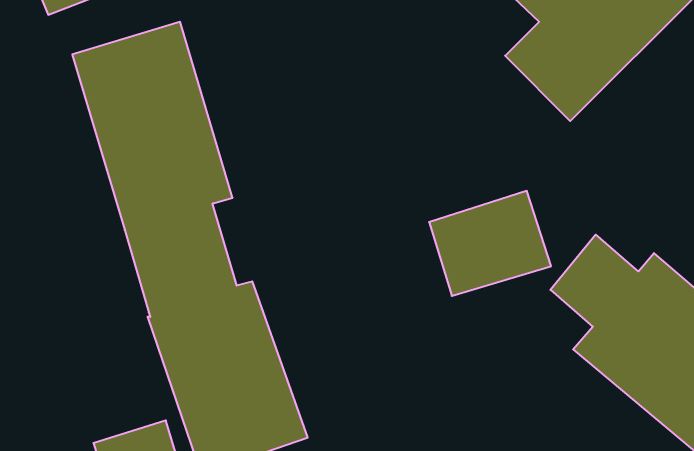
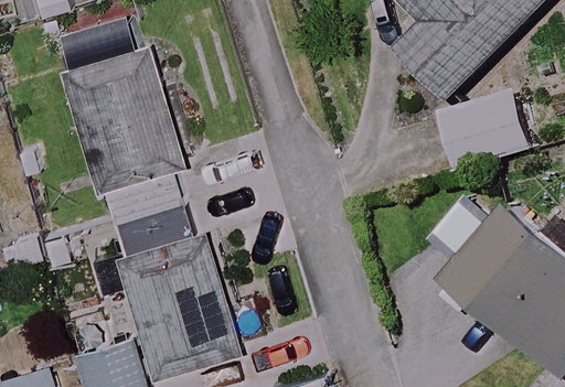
building: [429,191,551,296] -> [436,90,531,172]

